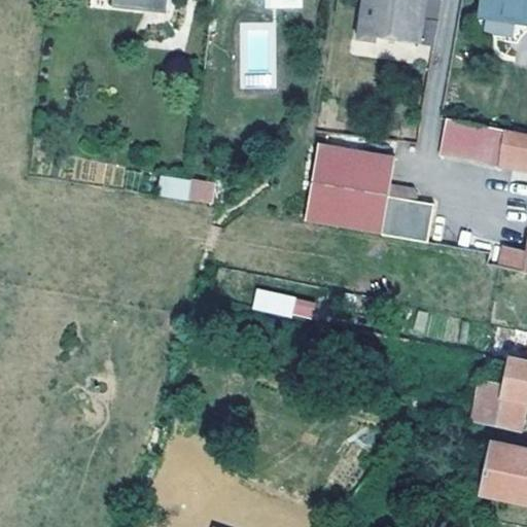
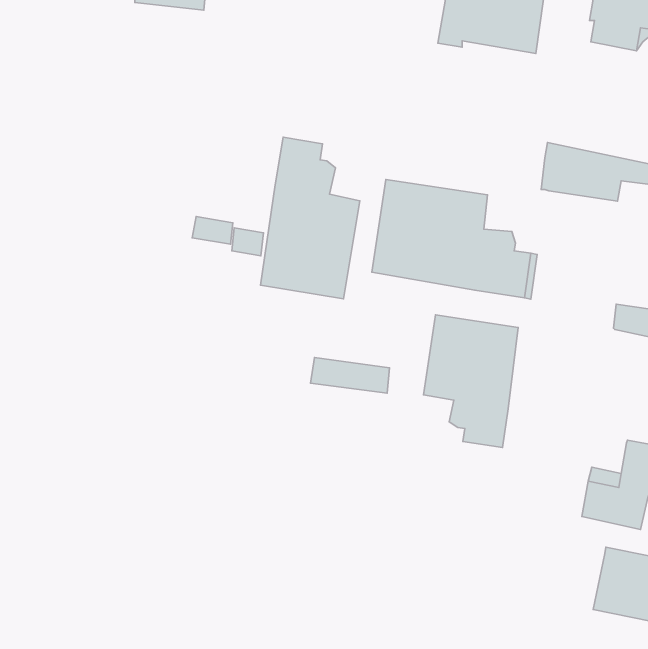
building: none -> [261,137,360,299]
building: none -> [423,315,518,448]

